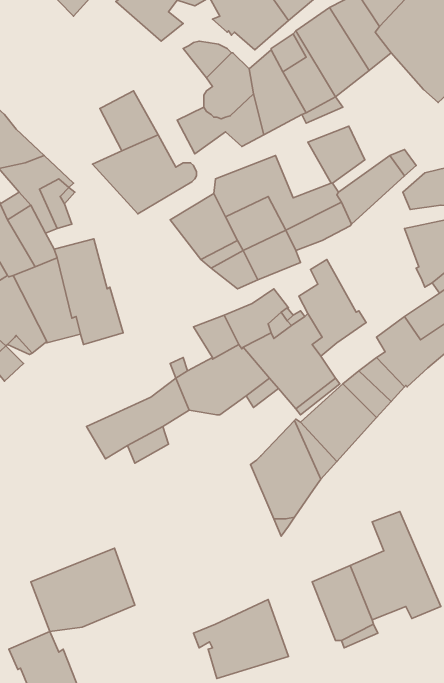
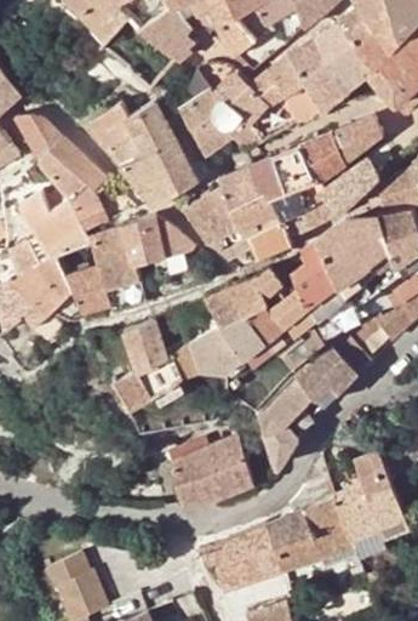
building: none -> [181,67,221,126]
building: none -> [84,96,145,163]
building: none -> [333,114,384,159]
building: none -> [273,144,319,190]
building: none -> [122,212,199,266]
building: none -> [315,216,394,294]
building: none -> [125,318,170,369]
building: [31,548,135,632] -> [167,437,253,506]
building: none -> [267,508,322,570]

